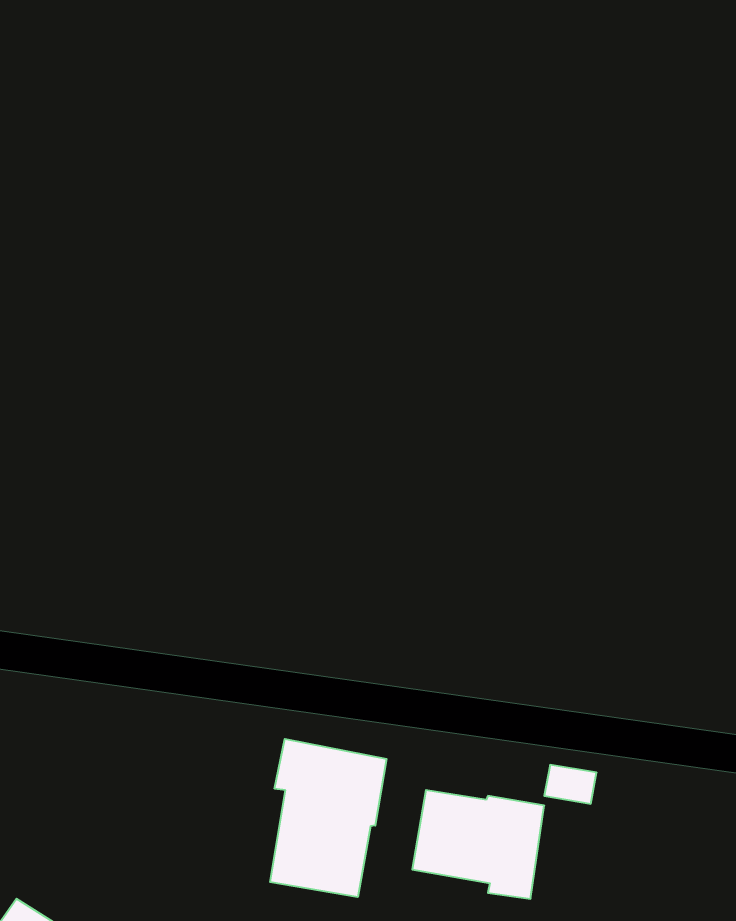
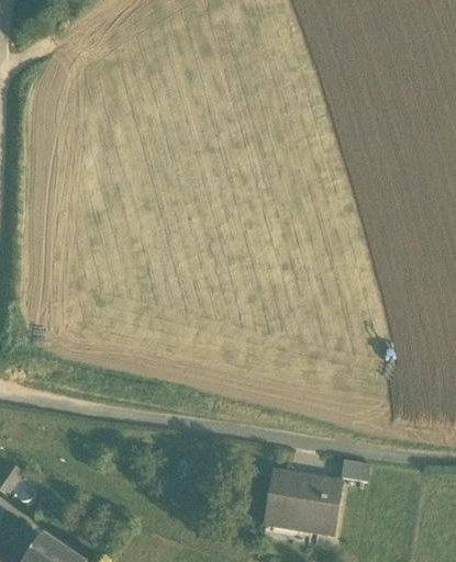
building: [270,739,387,897] -> none

